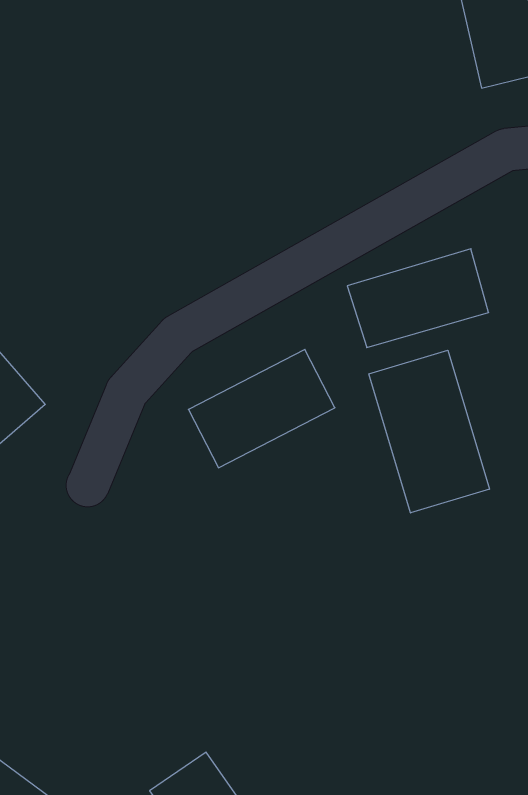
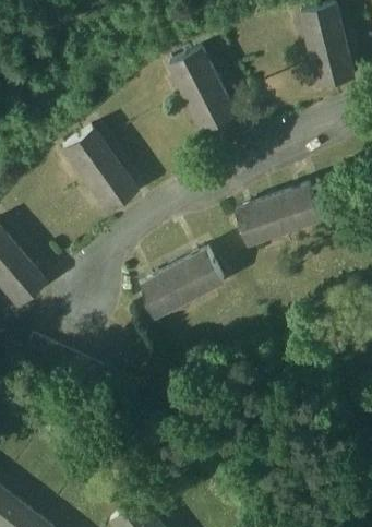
building: none -> [169,43,235,132]
building: none -> [57,124,139,213]
building: [369,350,489,513] -> none

